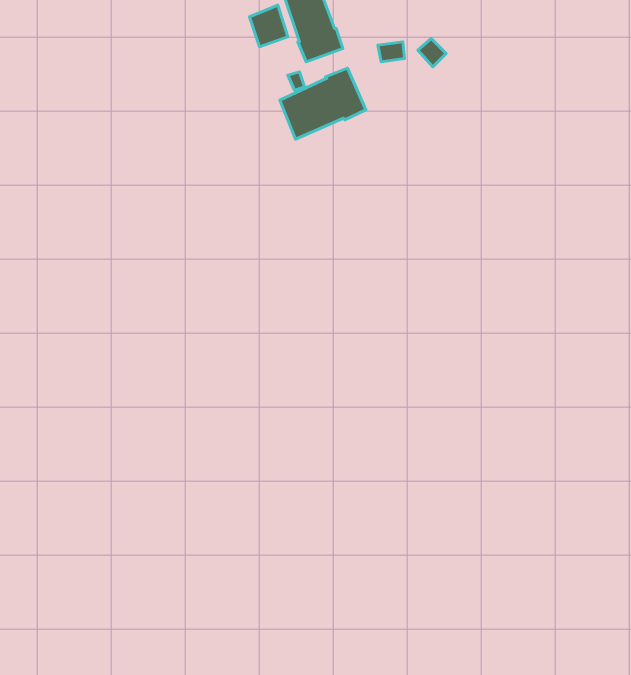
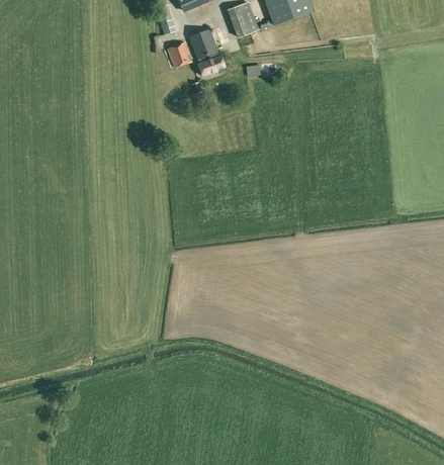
building: [280,68,366,139] -> none

